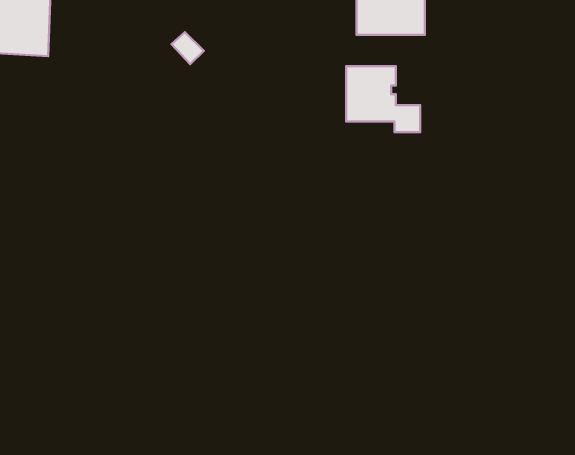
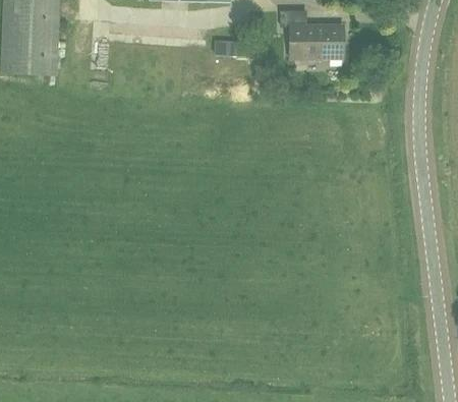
building: [346,66,420,132] -> none

